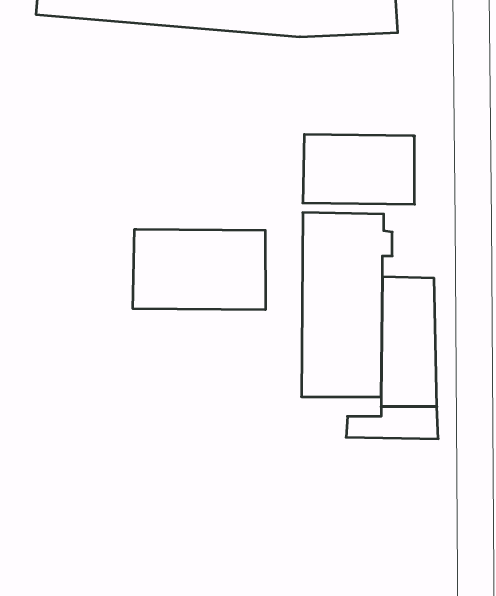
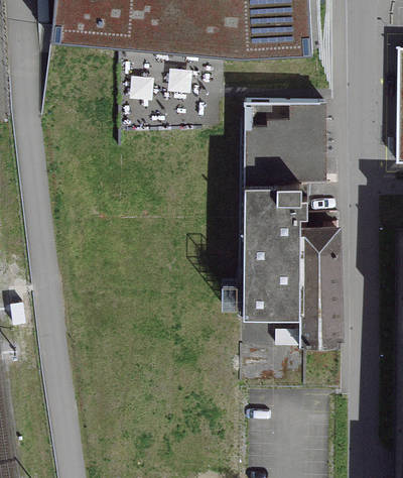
building: none -> [243,99,322,126]
building: [133,229,265,310] -> none

